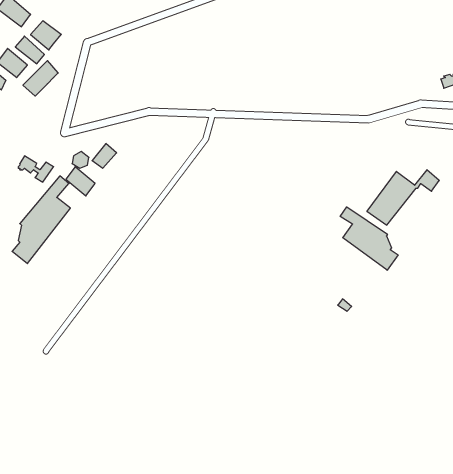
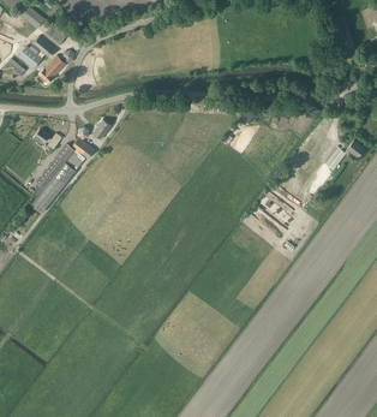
building: [340,207,398,270] -> none

